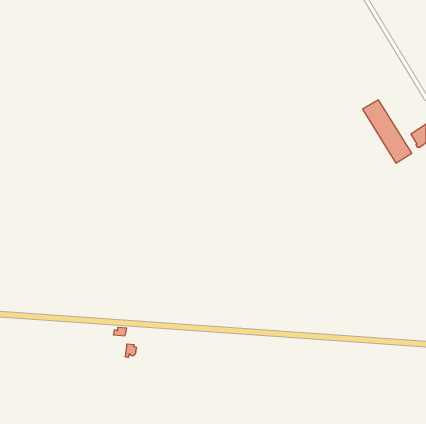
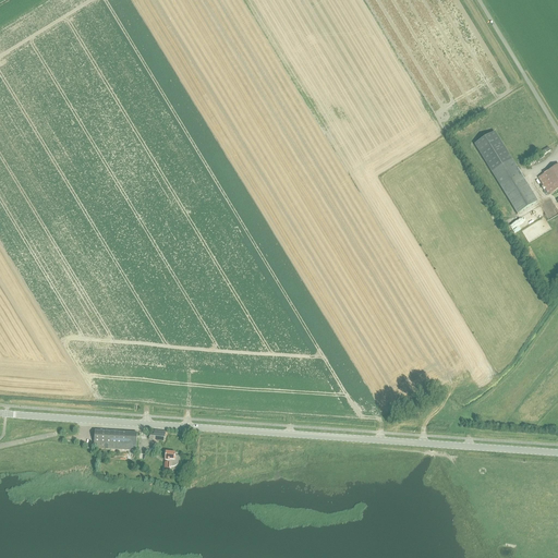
building: none -> [94,429,137,449]

